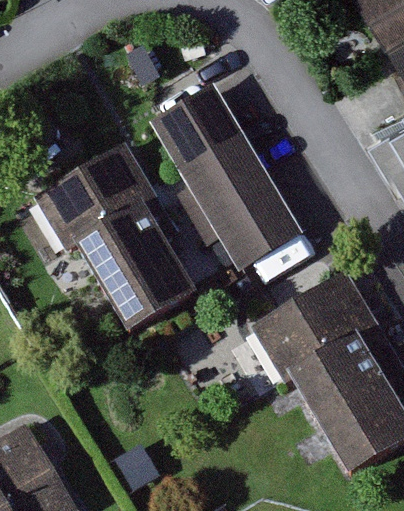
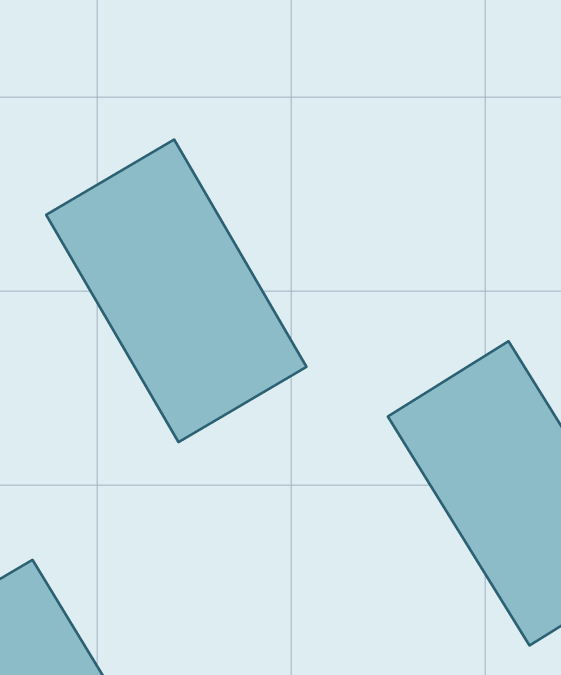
building: [154,86,299,270] -> none

